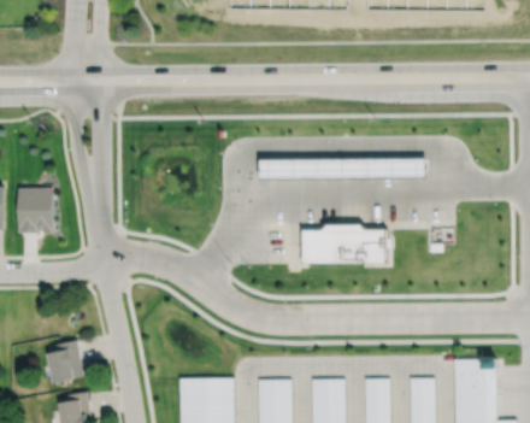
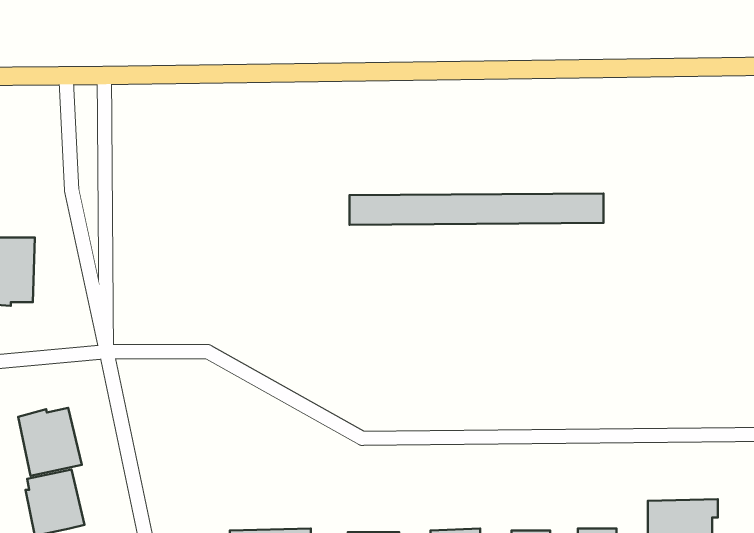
building: [302,224,385,263] -> none
building: none -> [18,408,82,476]

